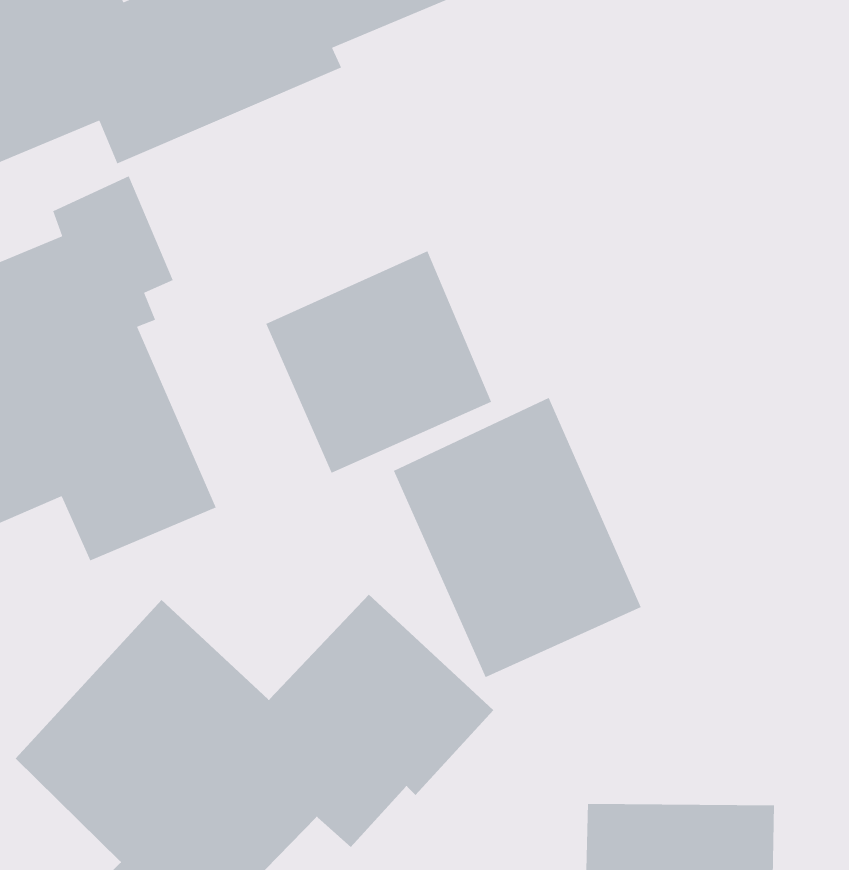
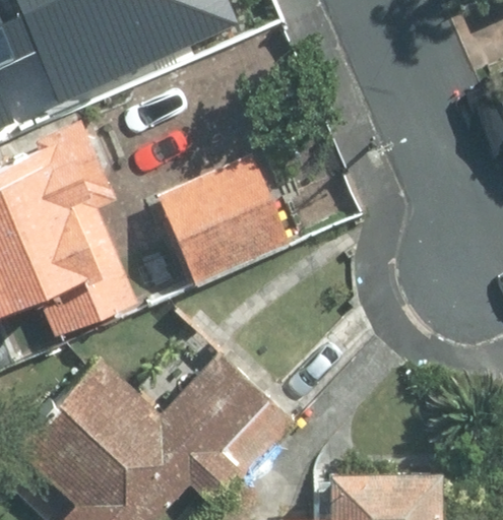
building: [393,397,642,678] -> none

